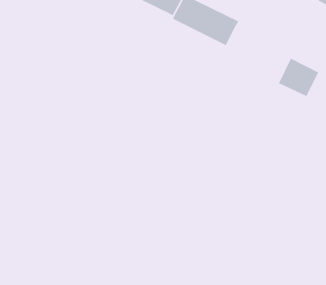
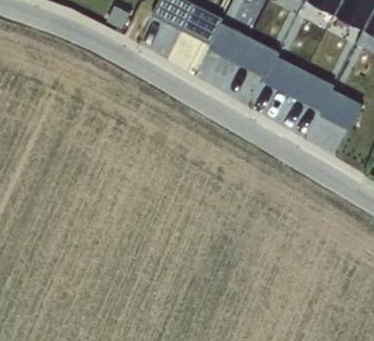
building: none -> [262,56,334,111]

